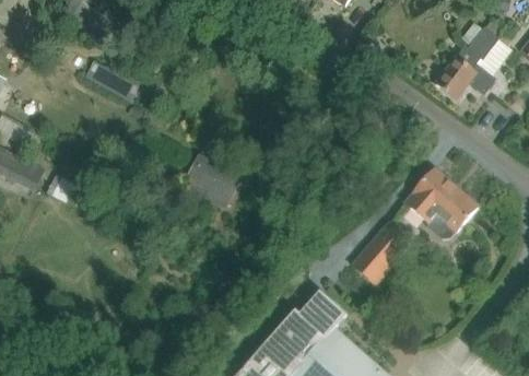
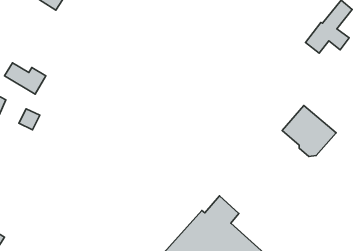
building: [85,58,141,101] -> [5,63,46,94]
building: [187,156,243,207] -> none
building: [350,222,410,285] -> none

